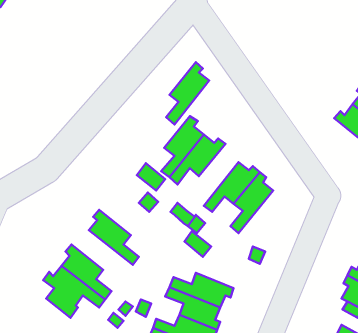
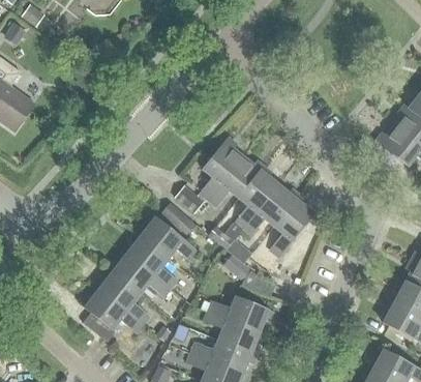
building: [166,62,209,124] -> [235,165,278,228]
building: none -> [137,216,200,261]
building: none -> [109,253,171,296]

